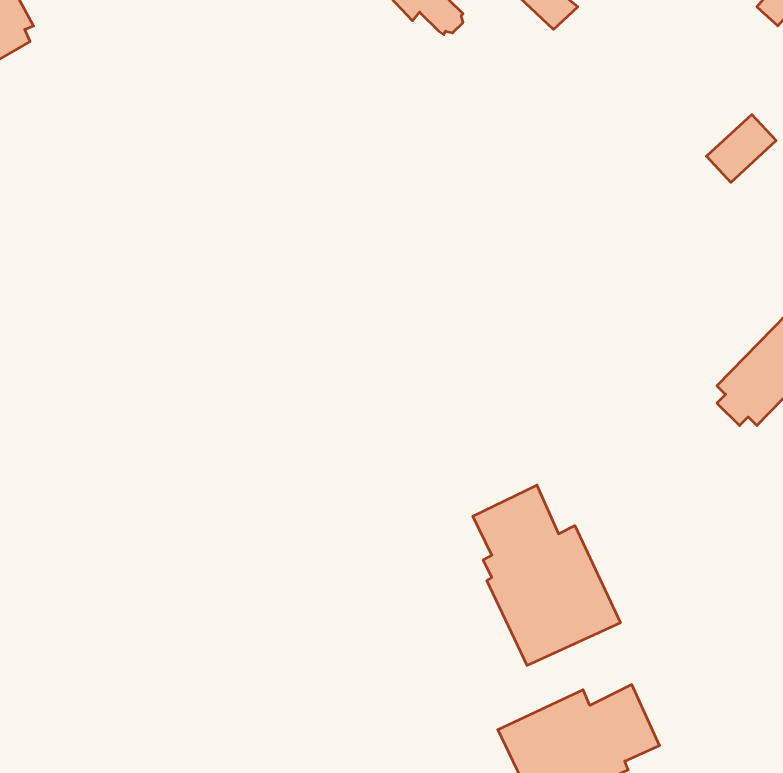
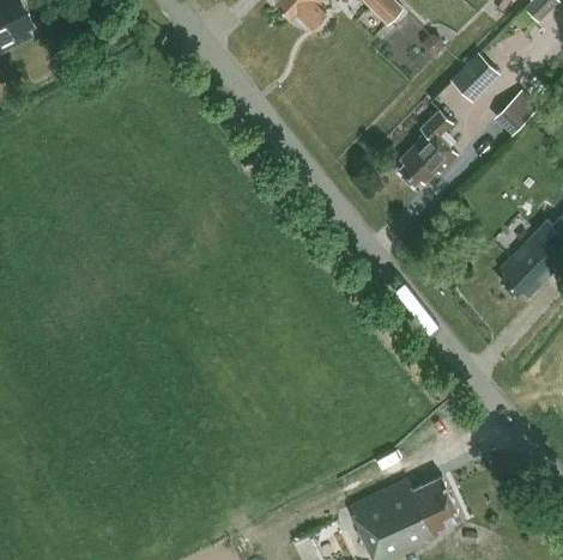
building: none -> [450,53,500,102]
building: none -> [396,109,456,184]
building: [473,485,620,665] -> none

